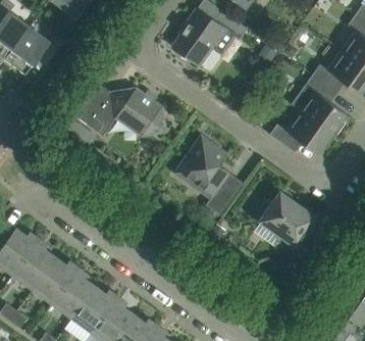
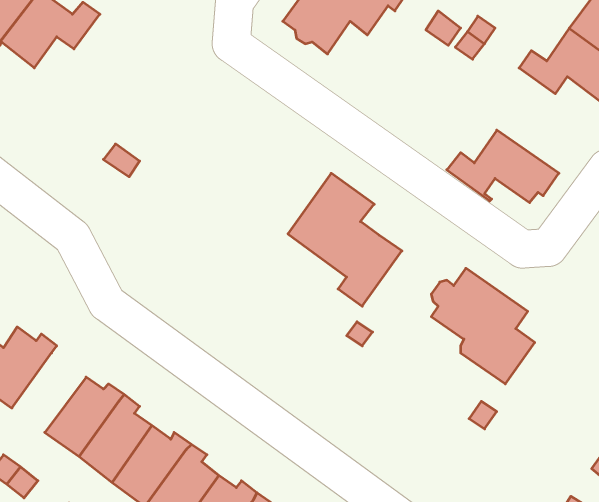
building: [291,74,347,136] -> none
building: [73,82,165,135] -> none
building: [12,238,56,289] -> none

